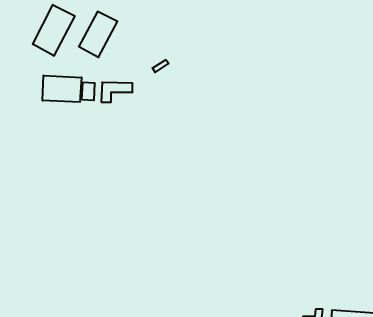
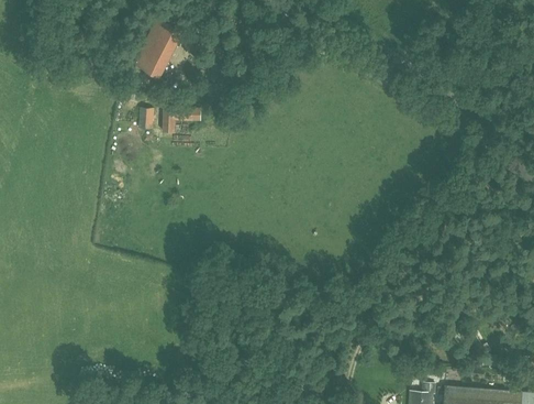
building: [33,5,75,56] -> none
building: [43,75,82,102] -> none

